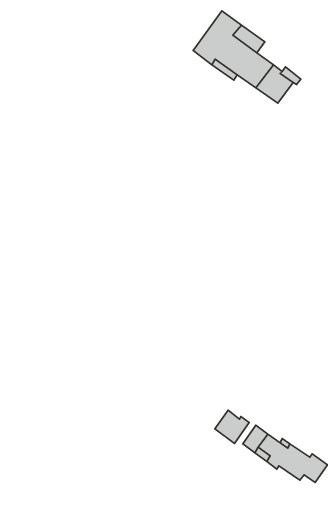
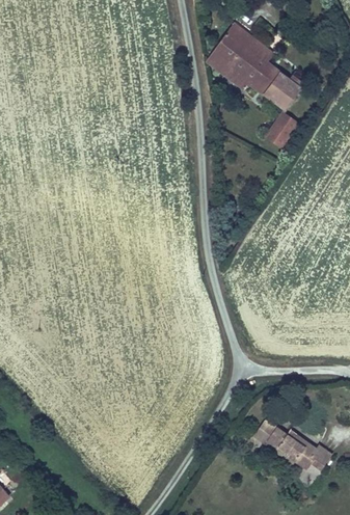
building: none -> [263,111,299,150]
building: [215,410,249,443] -> none

